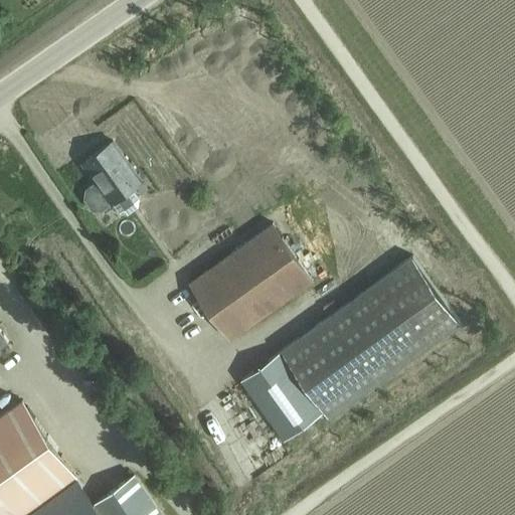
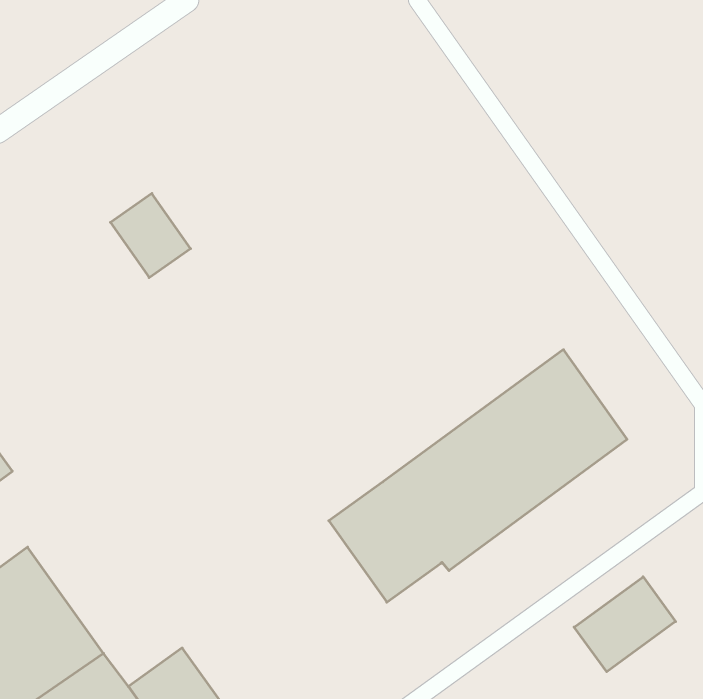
building: [188,227,311,342] -> none
building: none -> [574,577,676,672]

